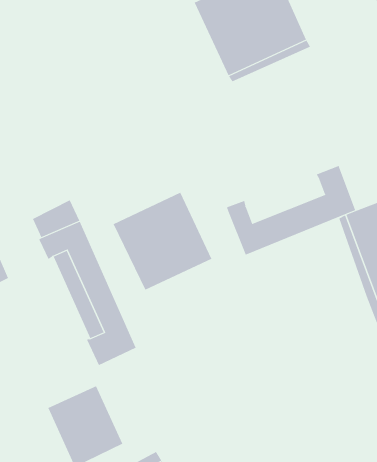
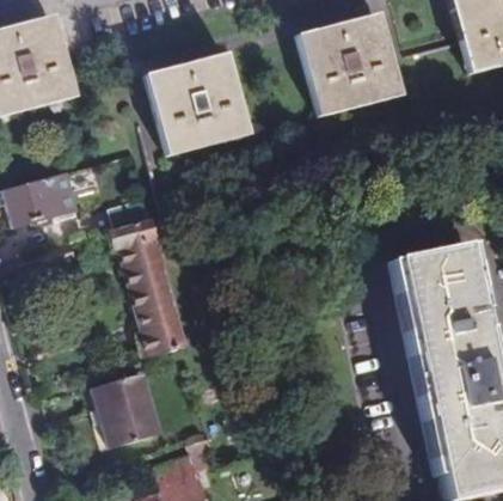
building: none -> [145,51,245,153]
building: [226,165,356,256] -> none
building: [113,192,212,290] -> none

